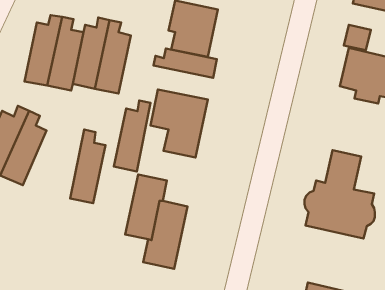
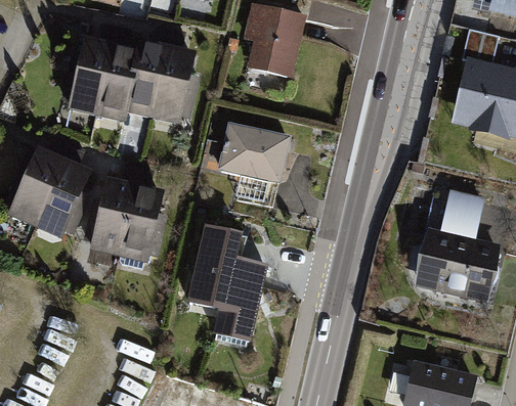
building: [153,48,217,78] -> none
building: [114,100,151,172] -> [91,167,137,256]

